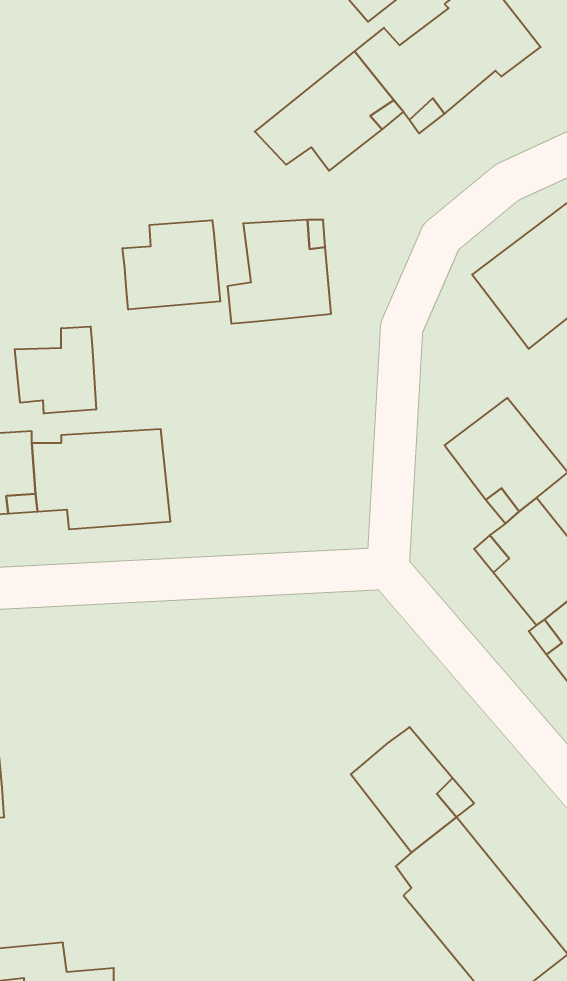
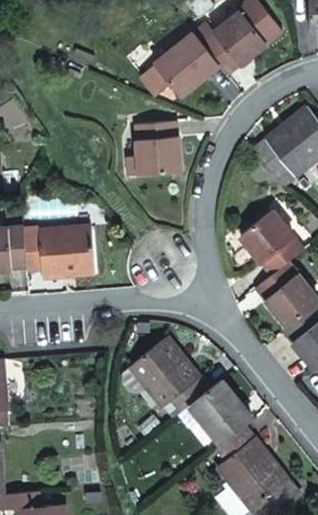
building: [123,220,220,310] -> none
building: [15,326,96,414] -> none
building: none -> [129,336,207,411]

